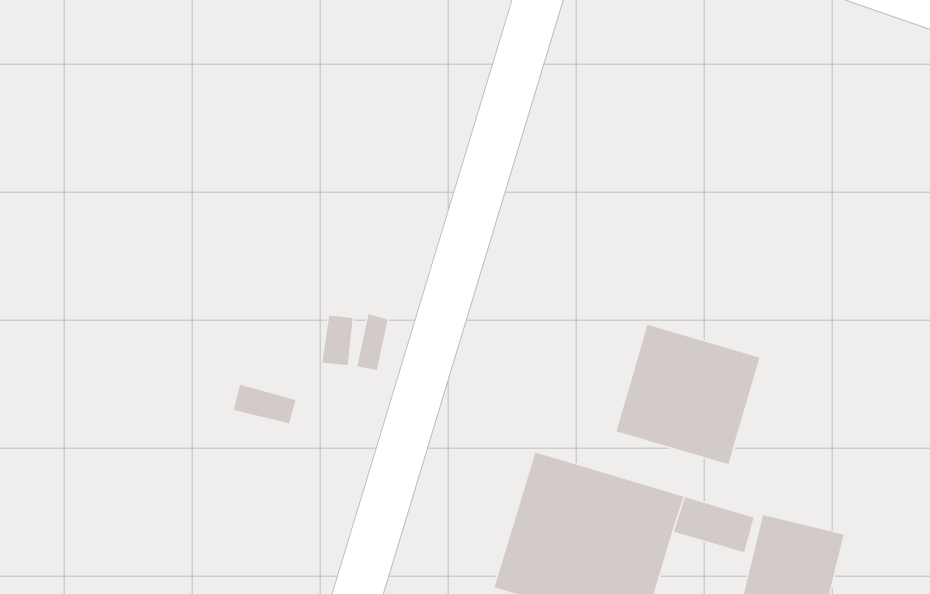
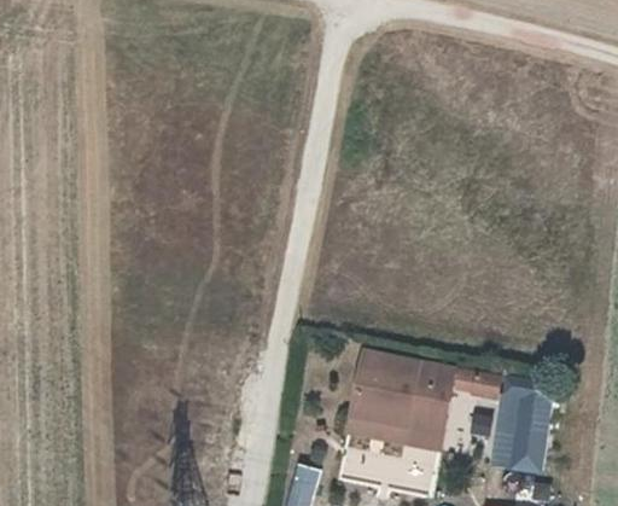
building: [616,324,760,465] -> none

